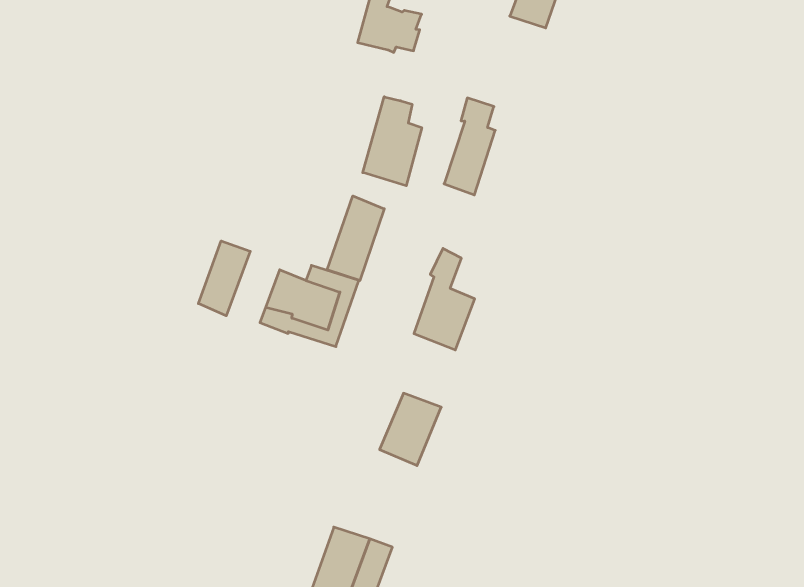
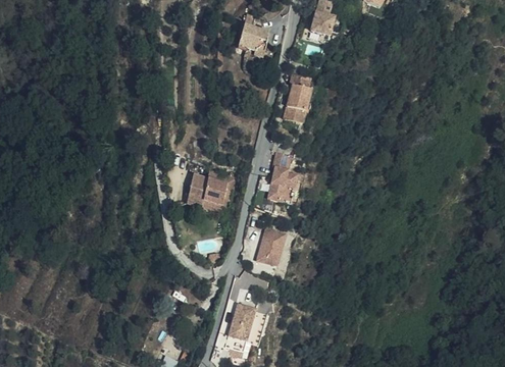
building: [363,97,422,186] -> none
building: [327,196,384,281] -> none
building: [198,241,250,316] -> none

